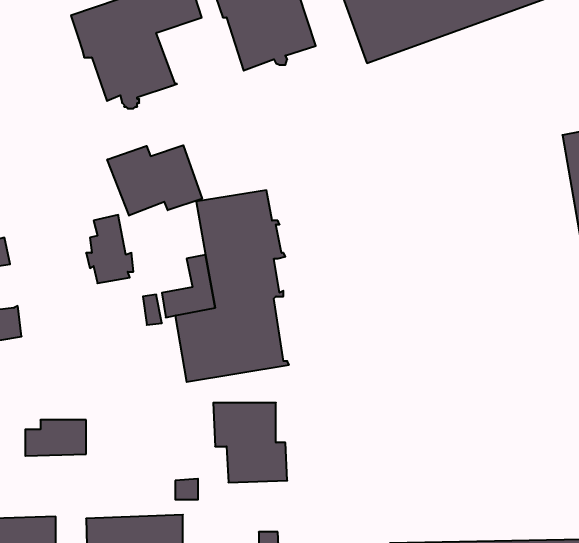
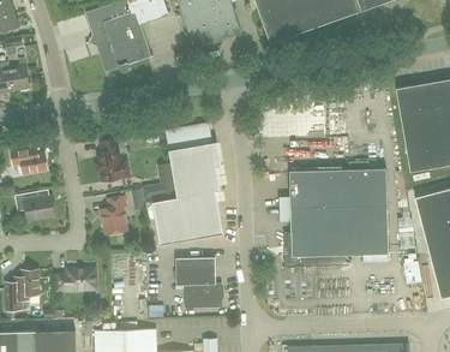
building: [107,145,202,216] -> none
building: none -> [283,161,388,267]
building: none -> [100,196,126,234]

